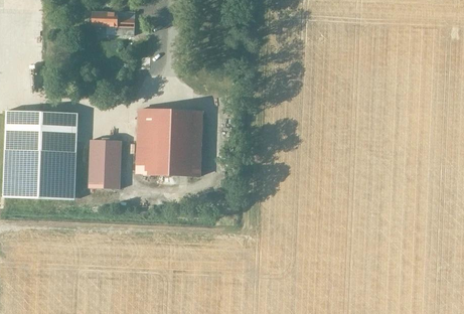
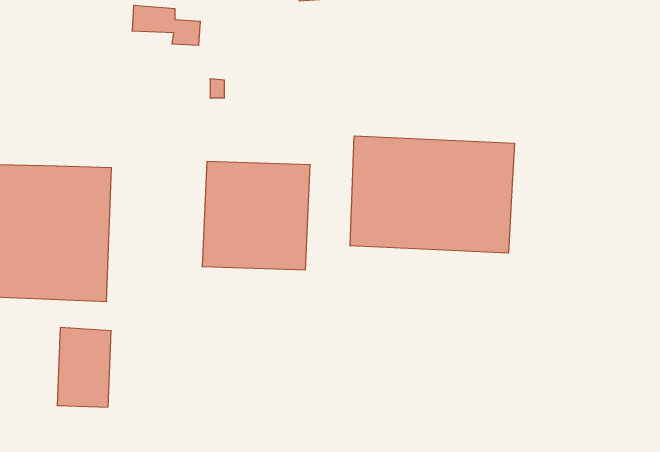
building: none -> [350,136,514,253]
building: [88,139,122,189] -> [57,328,111,407]

